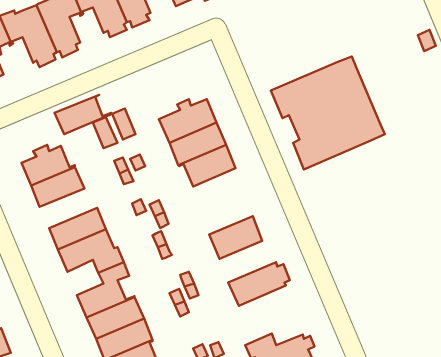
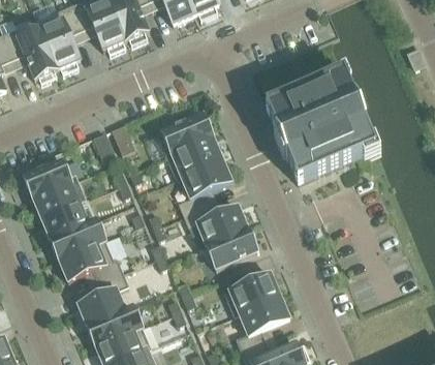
building: [55,95,112,134] -> [41,201,97,239]
building: none -> [187,205,248,248]
building: none -> [235,295,289,353]

